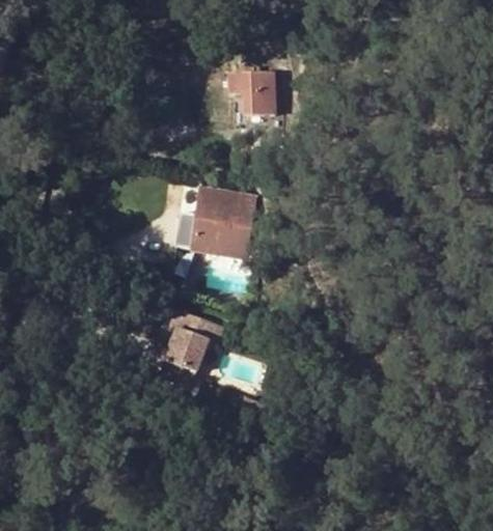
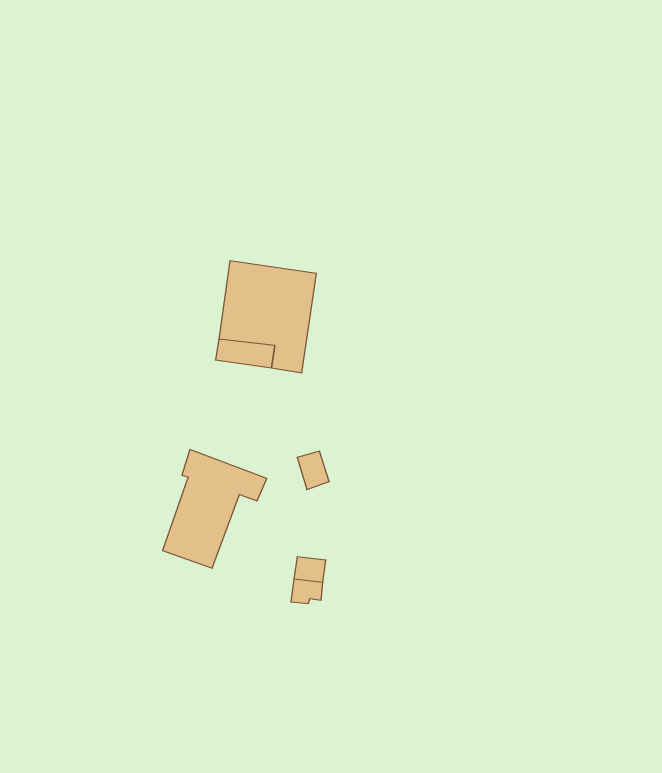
building: [228,74,274,113] -> none

